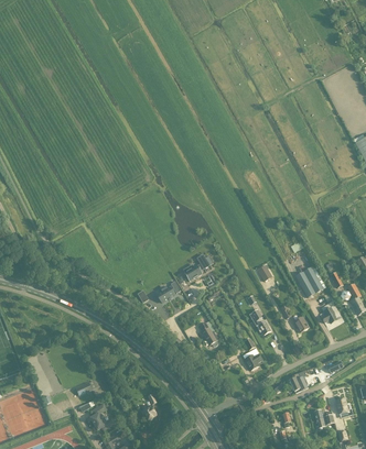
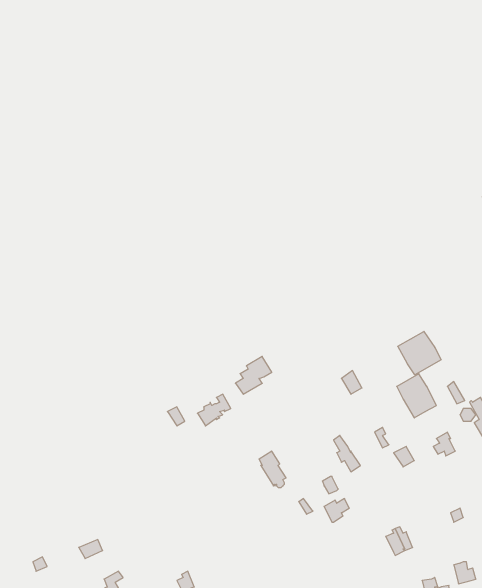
building: none -> [398,331,441,375]

